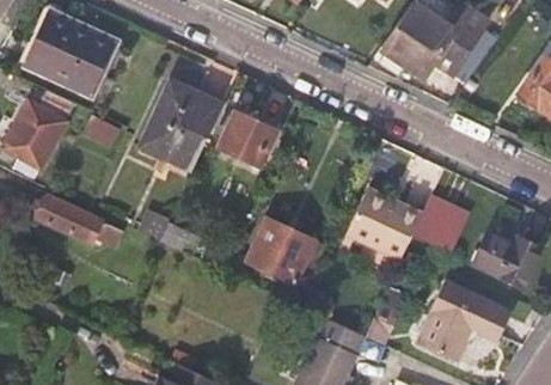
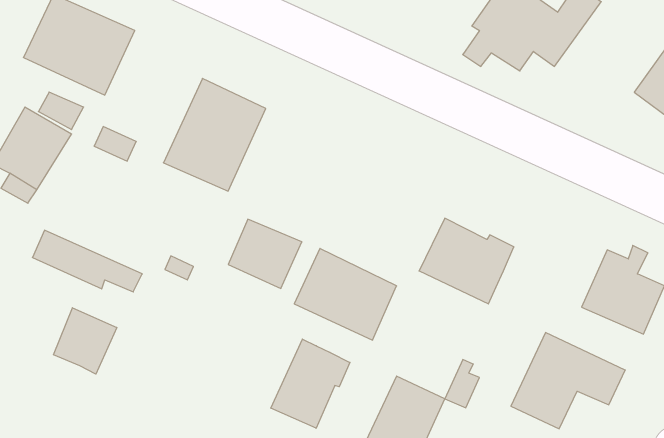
building: [220,109,278,164] -> [228,219,302,288]
building: [412,194,469,250] -> none
building: none -> [53,308,117,374]
building: none -> [271,339,350,428]

